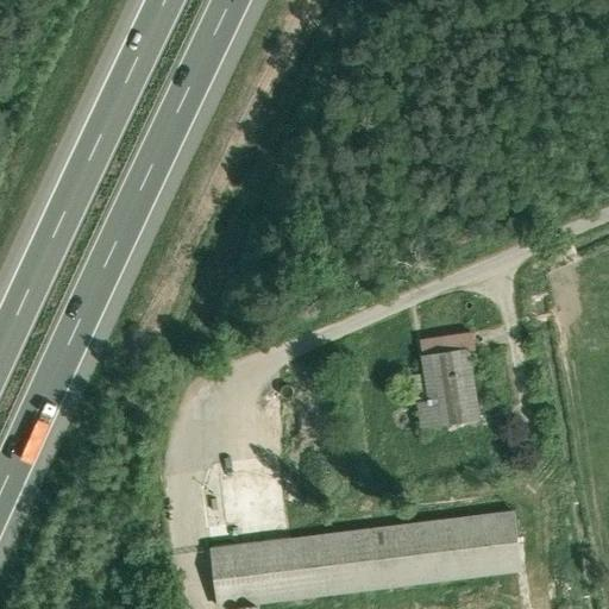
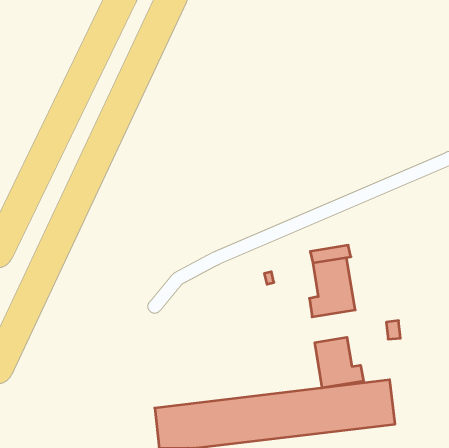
building: none -> [315,337,363,388]

